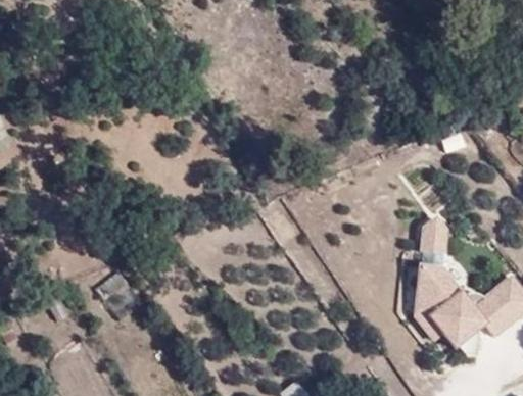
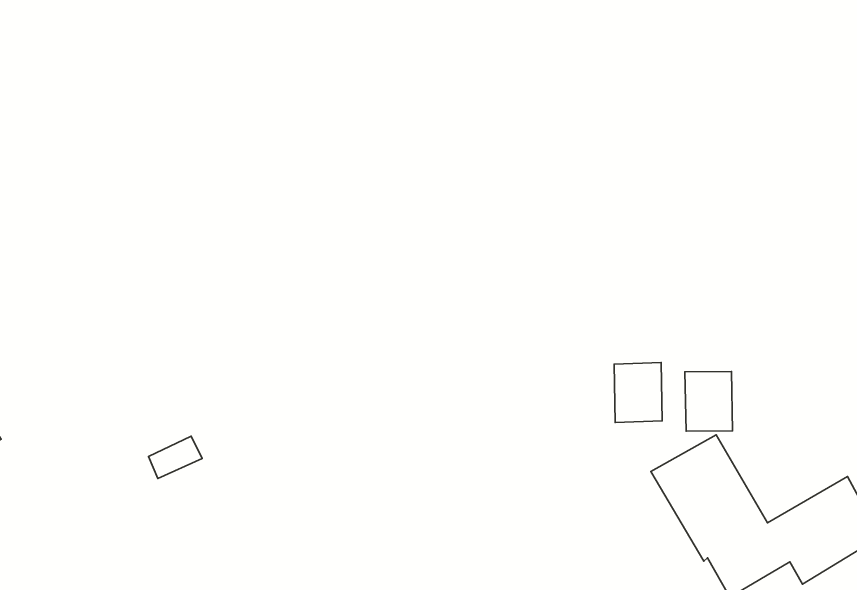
building: none -> [614,363,662,423]

